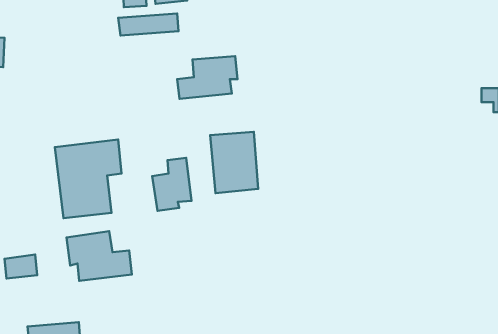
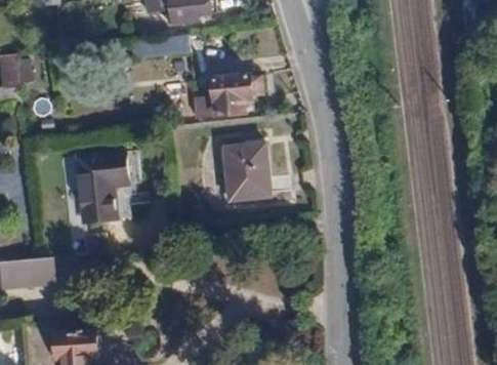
building: [152,158,191,211] -> none
building: [67,231,132,281] -> none

